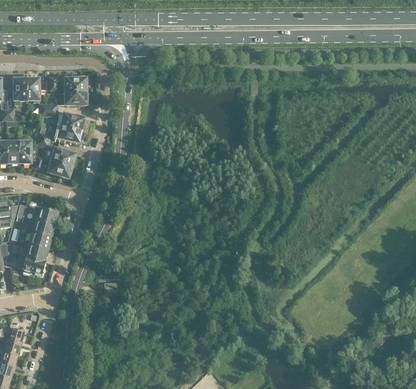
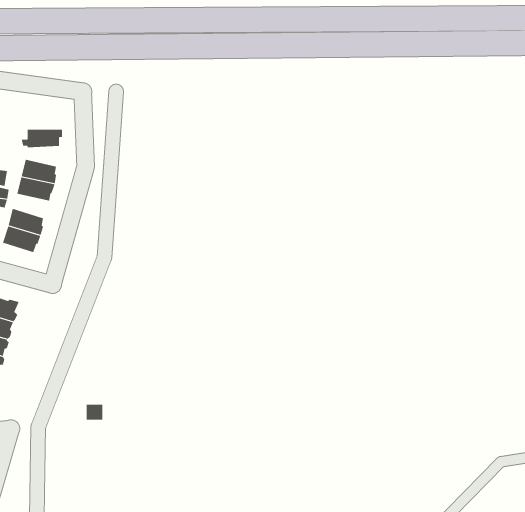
building: [49,75,87,92] -> none

